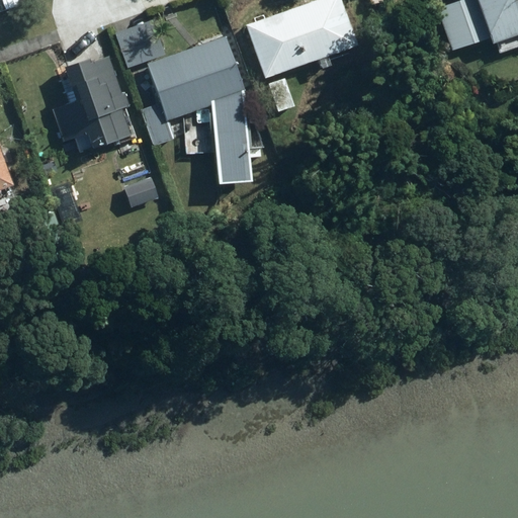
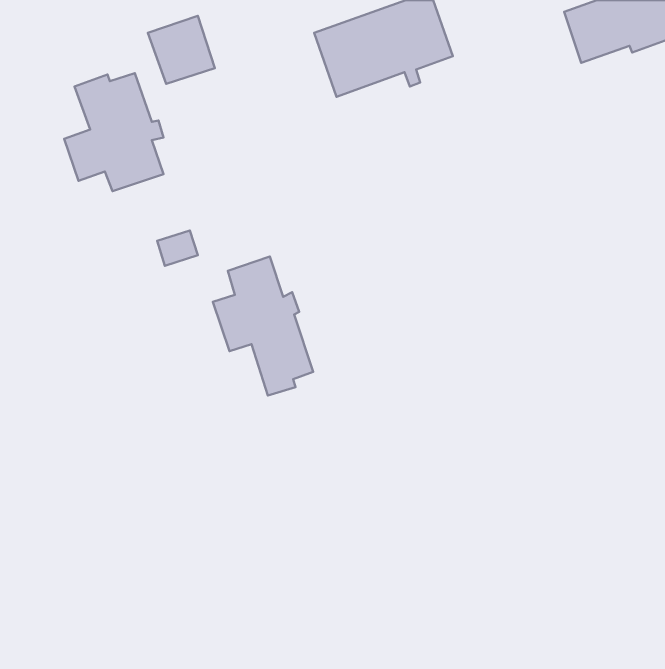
building: [143,34,254,181] -> none
building: none -> [213,257,313,396]

